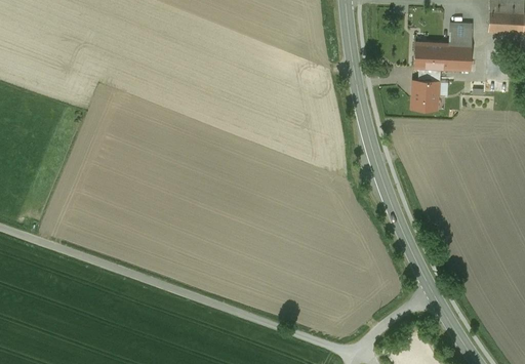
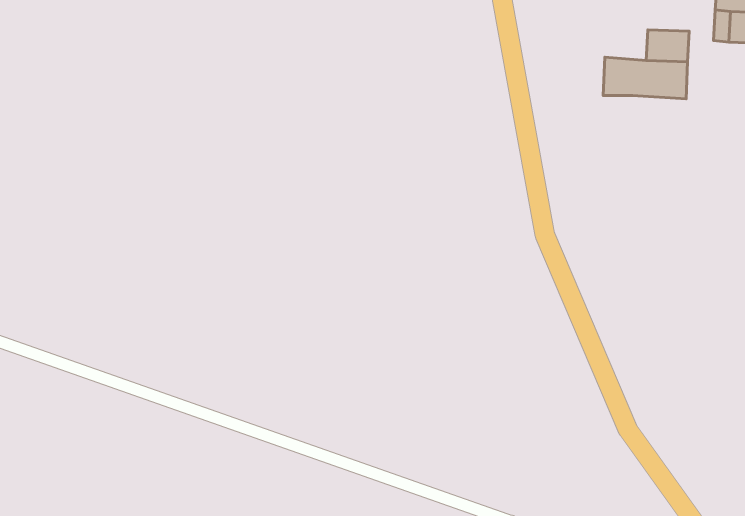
building: [413,69,440,111] -> none

